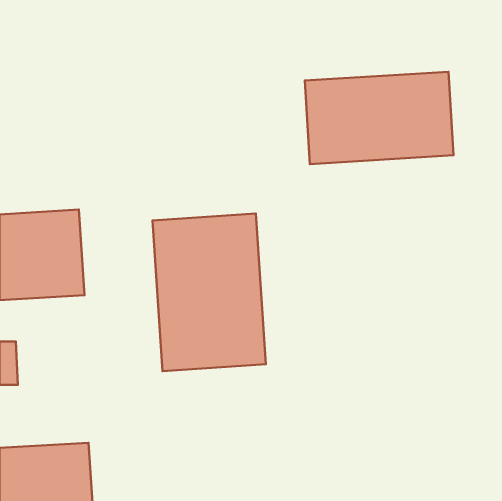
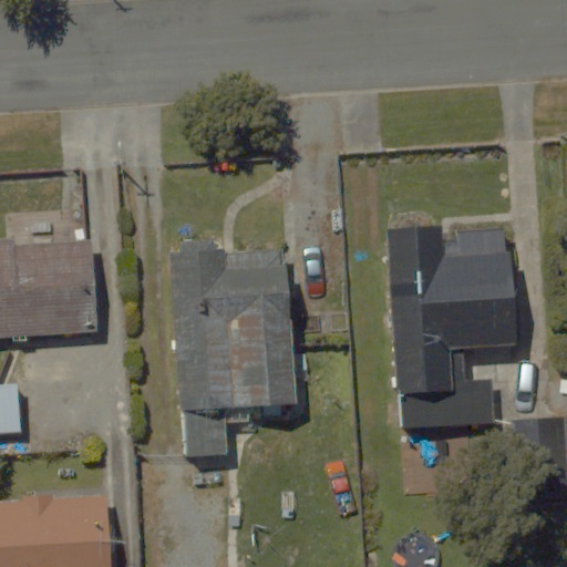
building: [305,72,454,164] -> none
building: none -> [388,230,512,399]

